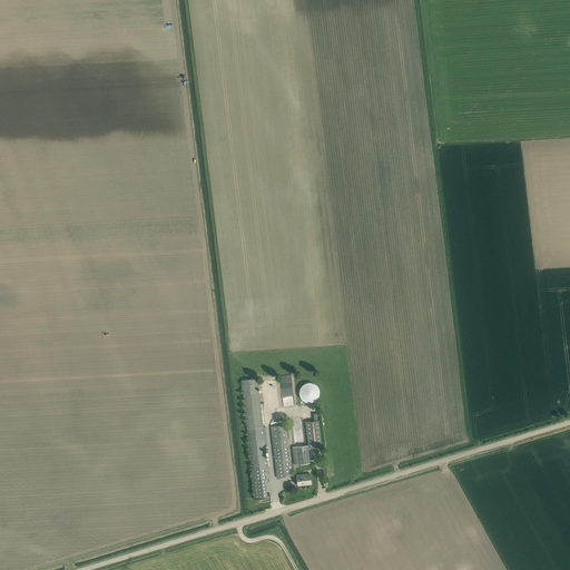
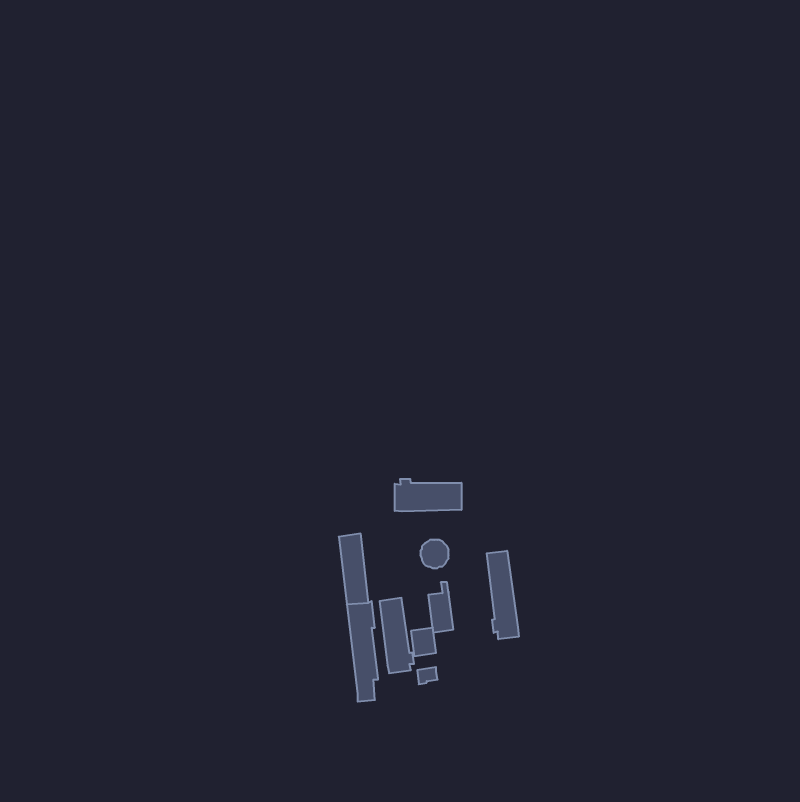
building: none -> [395,479,461,511]
building: none -> [487,551,519,639]

